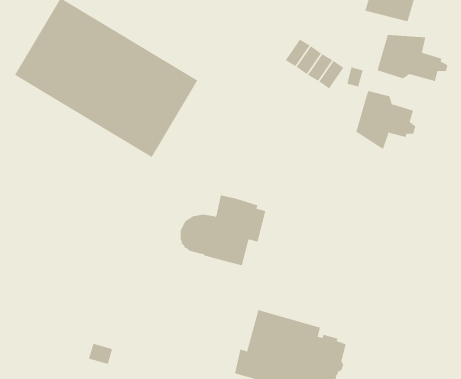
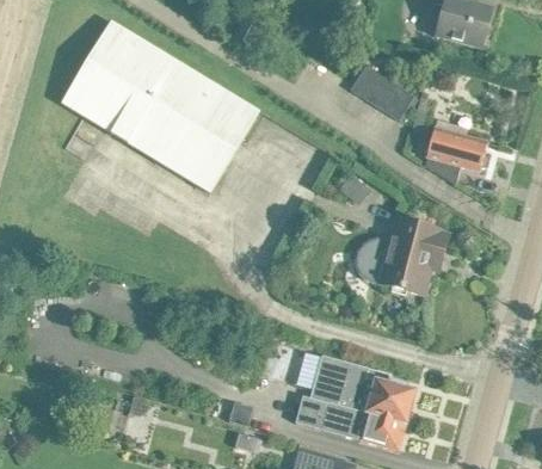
building: [377,34,448,82] -> none
building: [180,195,266,266] -> [356,218,448,294]

